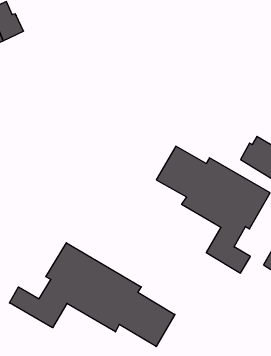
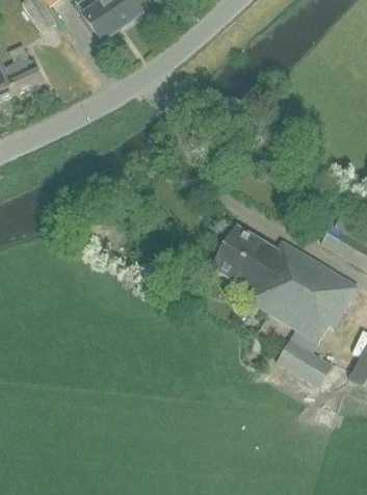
building: [9,243,175,347] -> none

